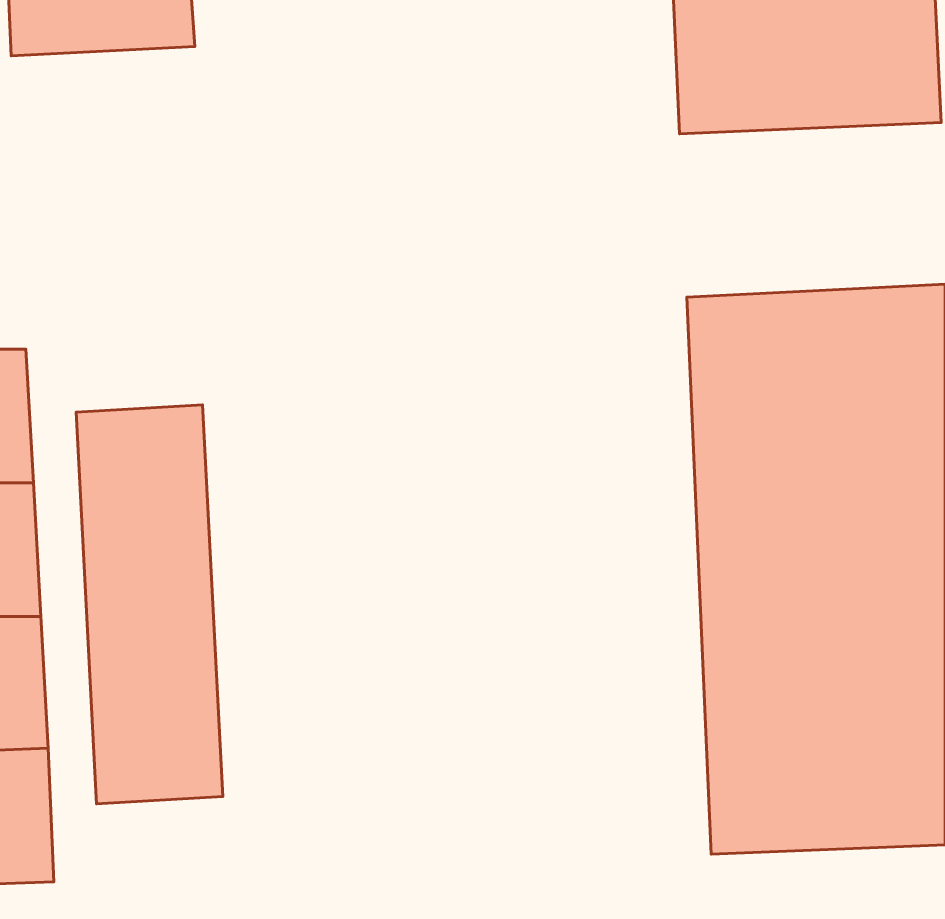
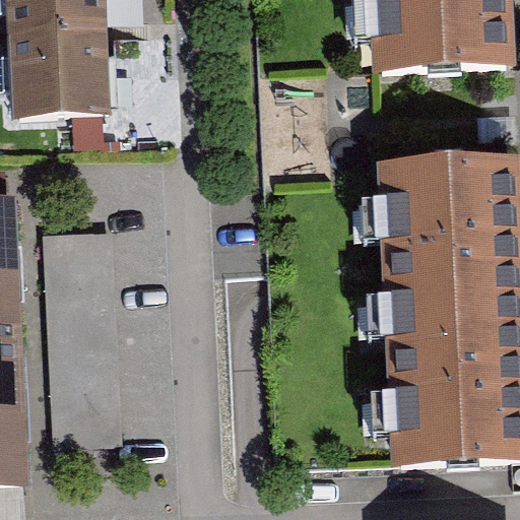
building: none -> [6,25,111,114]

